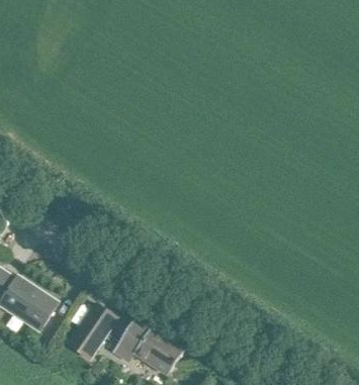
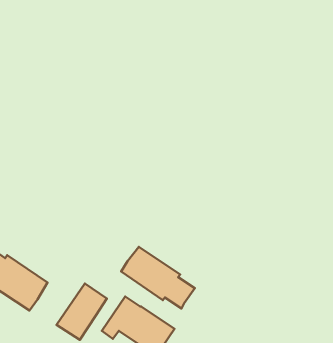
building: none -> [121,247,195,308]

